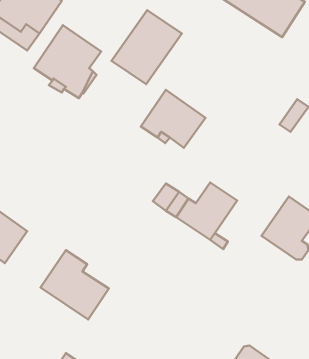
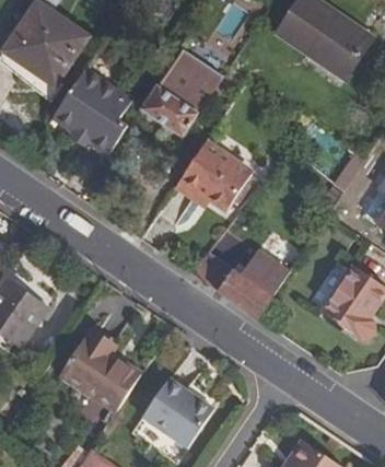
building: none -> [141,376,213,446]

